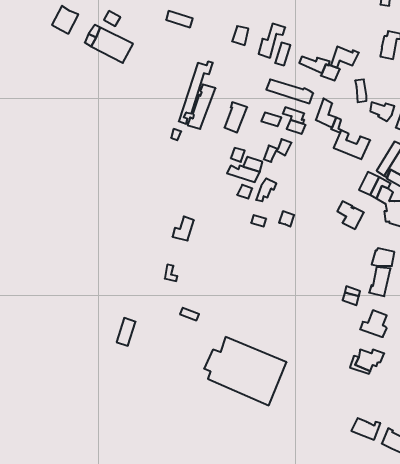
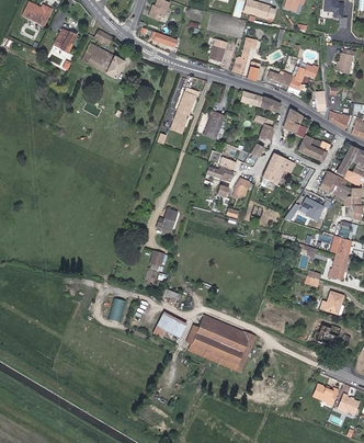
building: none -> [262,152,292,183]
building: none -> [153,311,189,338]

